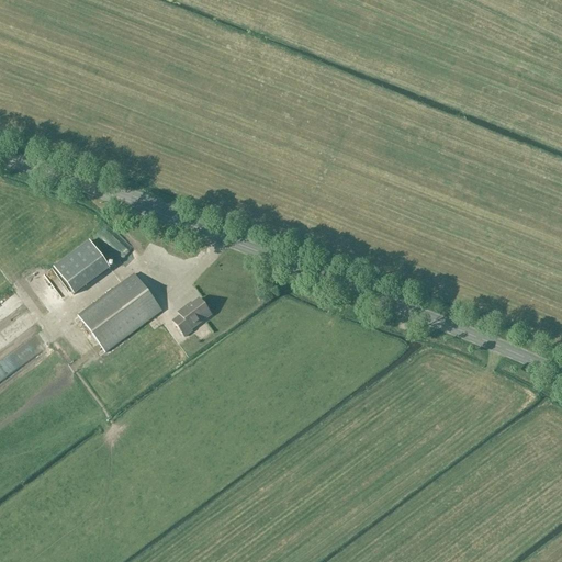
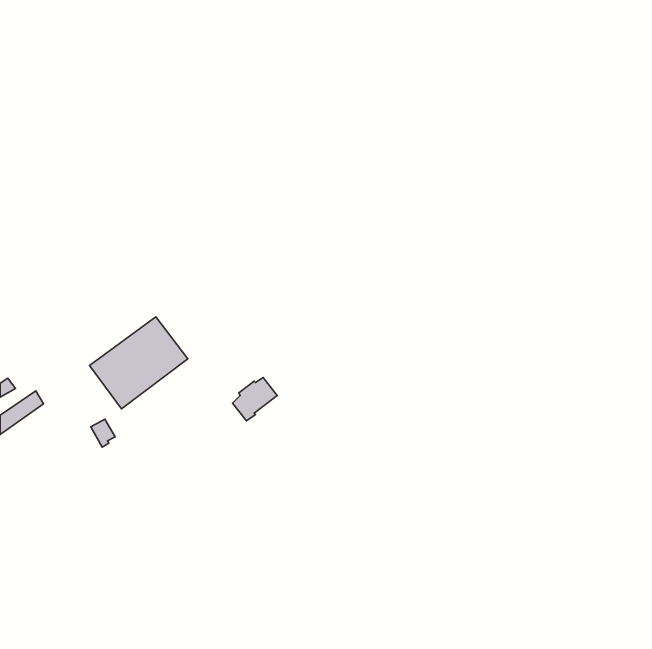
building: [54,239,111,293] -> none
building: [173,297,212,335] -> [232,377,277,421]

